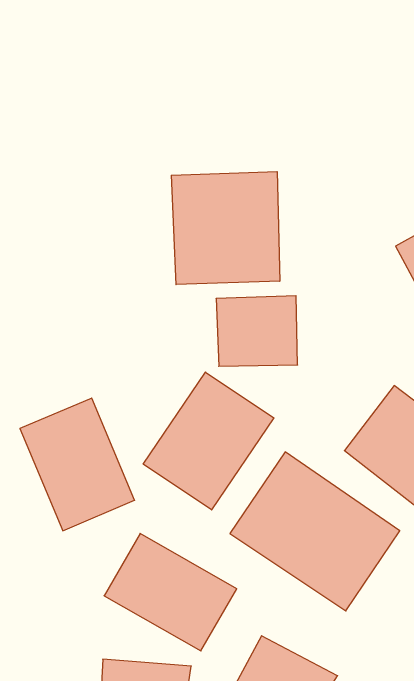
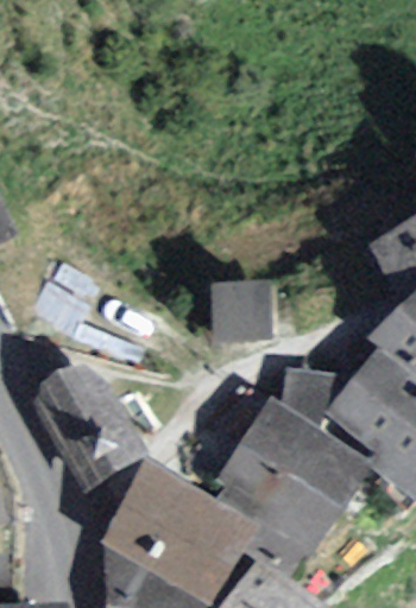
building: [171,172,280,285] -> none
building: [143,372,274,510] -> none

